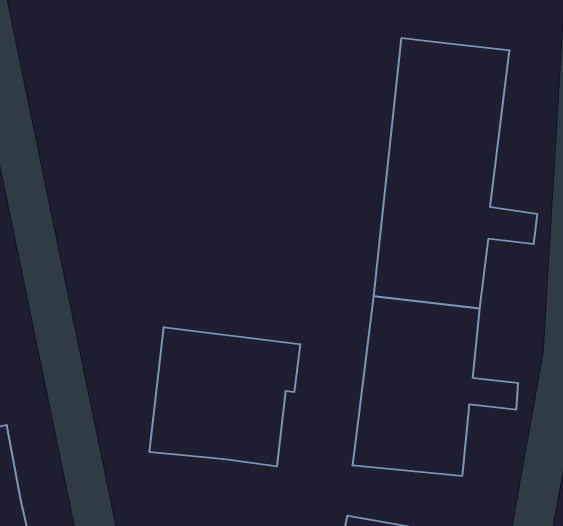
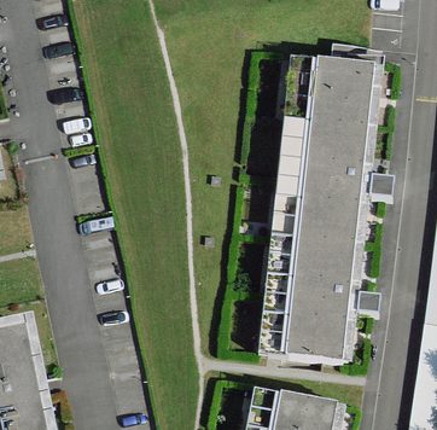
building: [149,327,300,466] -> none

